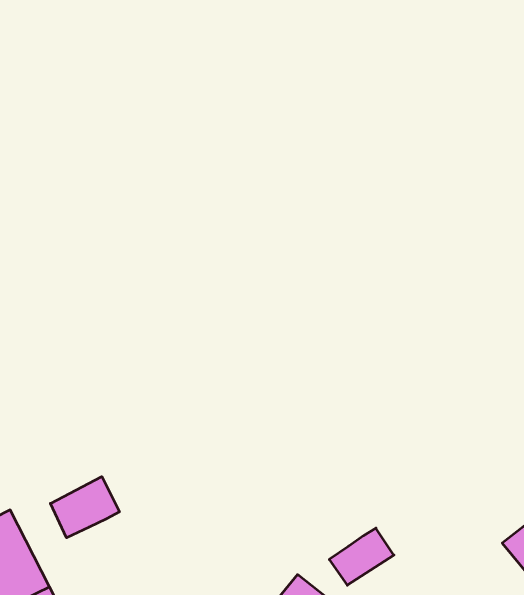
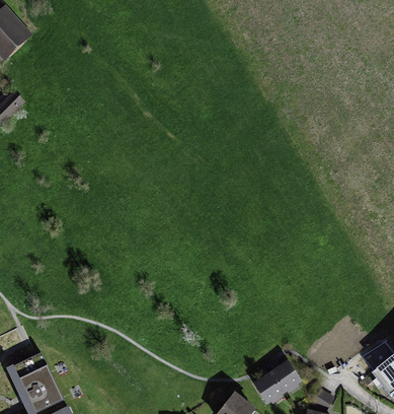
building: [50,477,119,538] -> none

